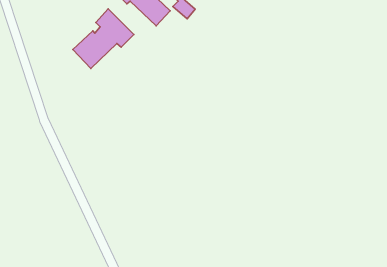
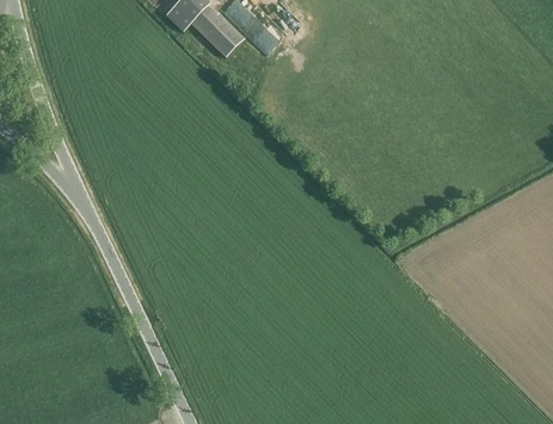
building: [73,9,134,69] -> none

